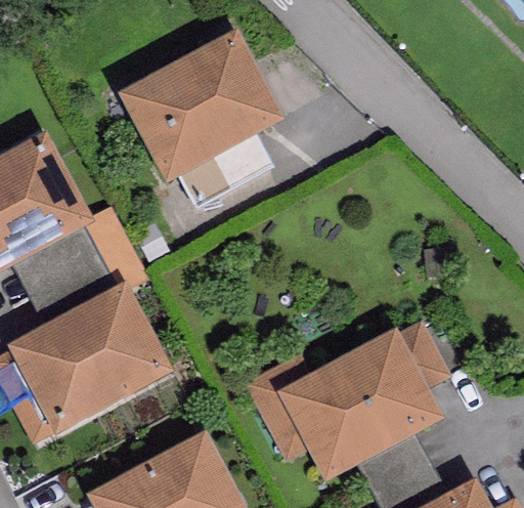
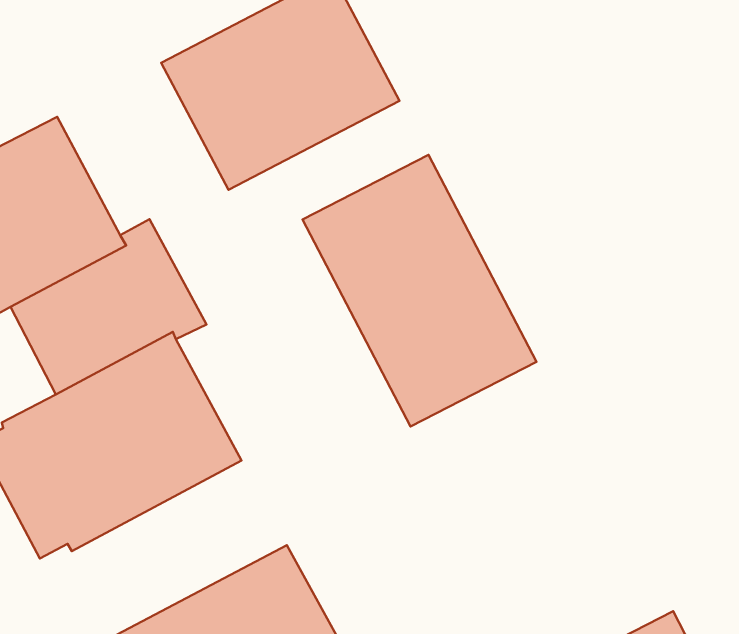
building: none -> [303,155,537,427]
building: [243,320,450,482] -> none

